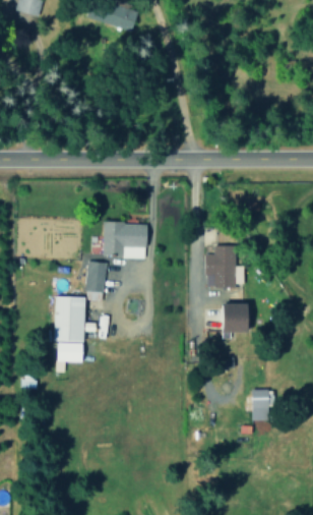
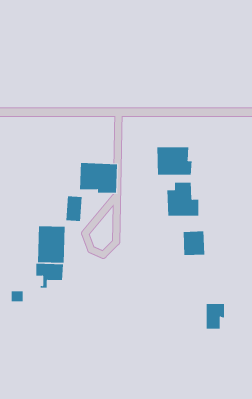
building: none -> [157,147,192,175]

